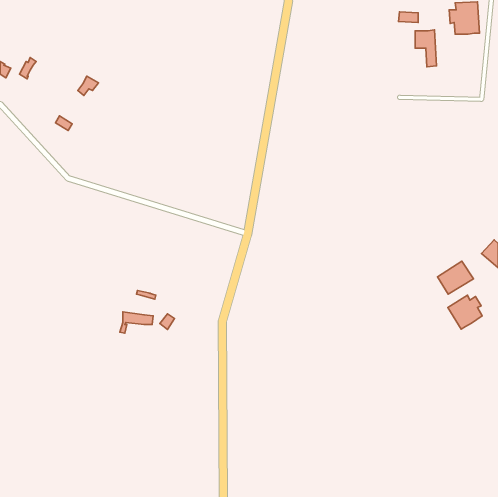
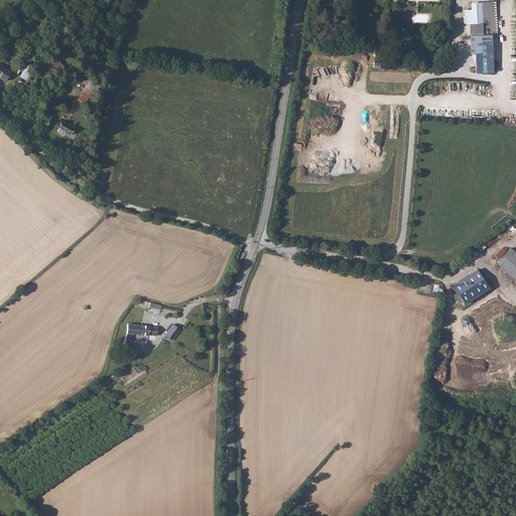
building: [415,30,437,67] -> [471,35,493,74]
building: [448,295,482,329] -> none

